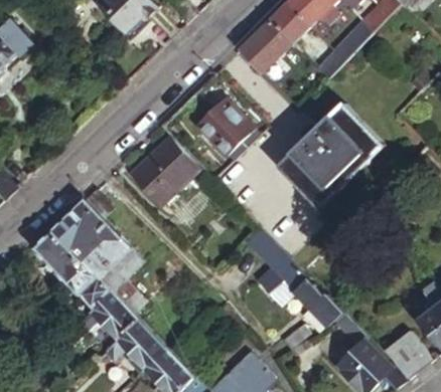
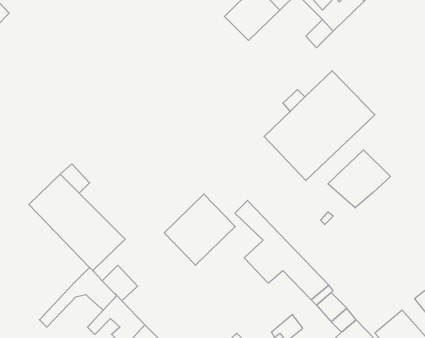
building: [192,97,256,160] -> none
building: [130,137,198,205] -> [164,194,235,265]
building: none -> [328,150,390,208]
building: [30,230,108,307] -> none

